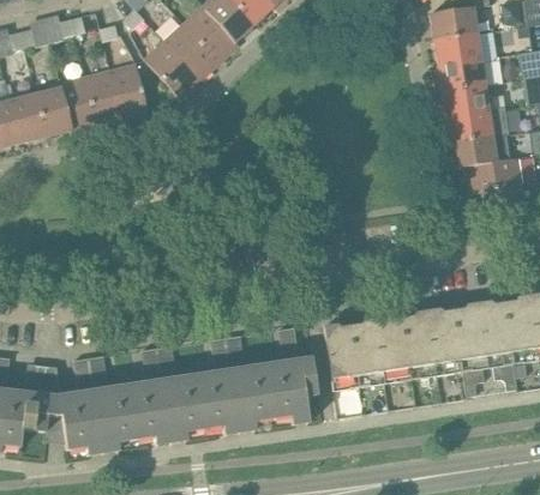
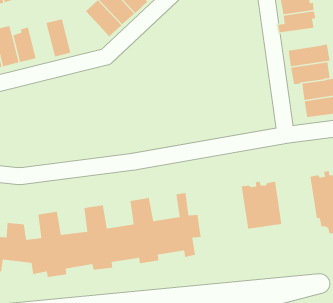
building: [110,62,149,120] -> none
building: [60,74,98,133] -> none
building: [432,83,493,115] -> none
building: [427,301,487,394] -> none
building: [324,316,385,390] -> none

